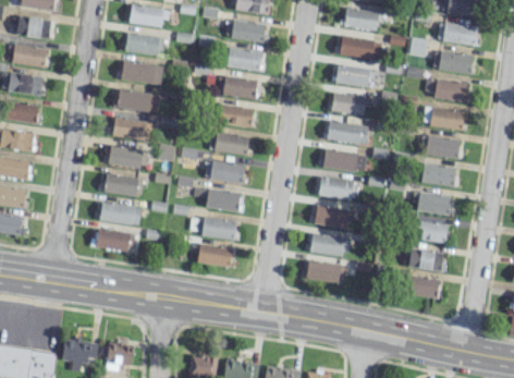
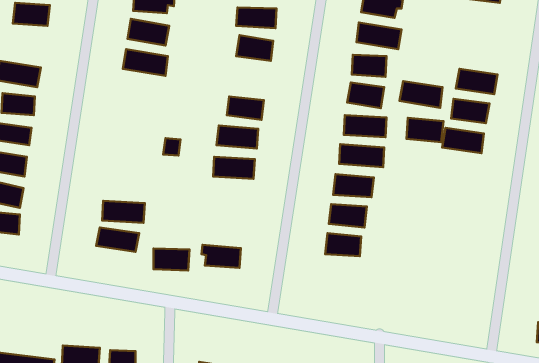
building: [437,23,477,45] -> none
building: [12,45,47,66] -> none
building: [432,49,473,74] -> [400,81,442,108]
building: [220,75,257,99] -> none
building: [117,88,160,113] -> none
building: [112,119,146,138] -> none
building: [108,144,148,169] -> none
building: [421,163,456,186] -> [407,118,444,142]
building: [105,174,143,196] -> none
building: [206,188,240,211] -> none
building: [415,193,451,214] -> none
building: [203,218,236,239] -> [154,248,189,270]
building: [415,221,446,242] -> none
building: [409,249,444,270] -> none
building: [305,259,344,284] -> none
building: [406,276,439,296] -> none

